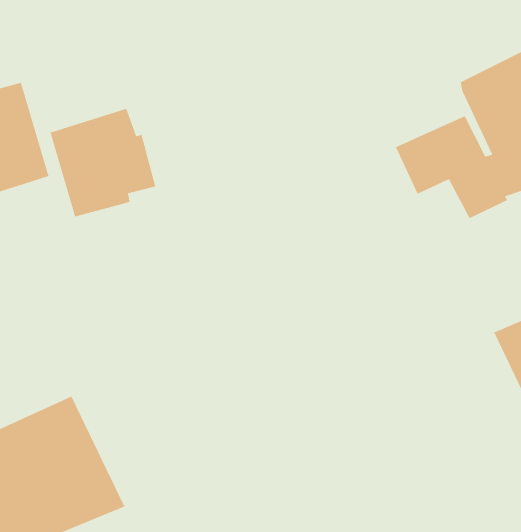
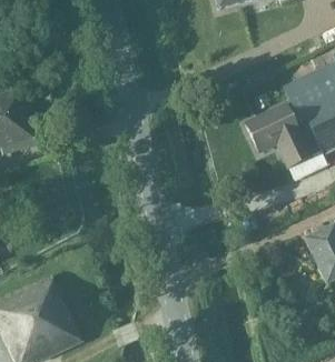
building: [49,108,156,218] -> none

